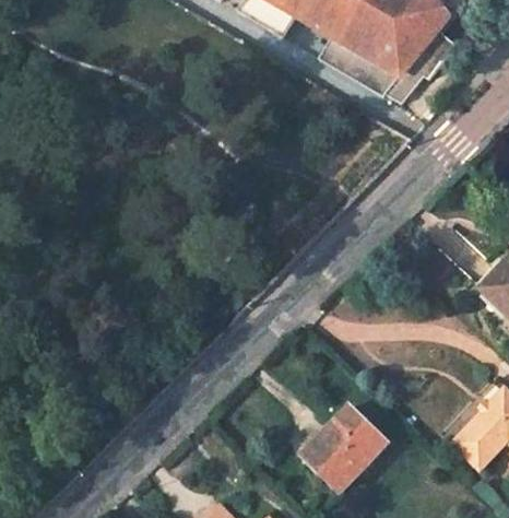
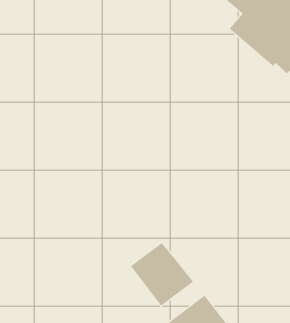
building: none -> [130,242,194,306]

